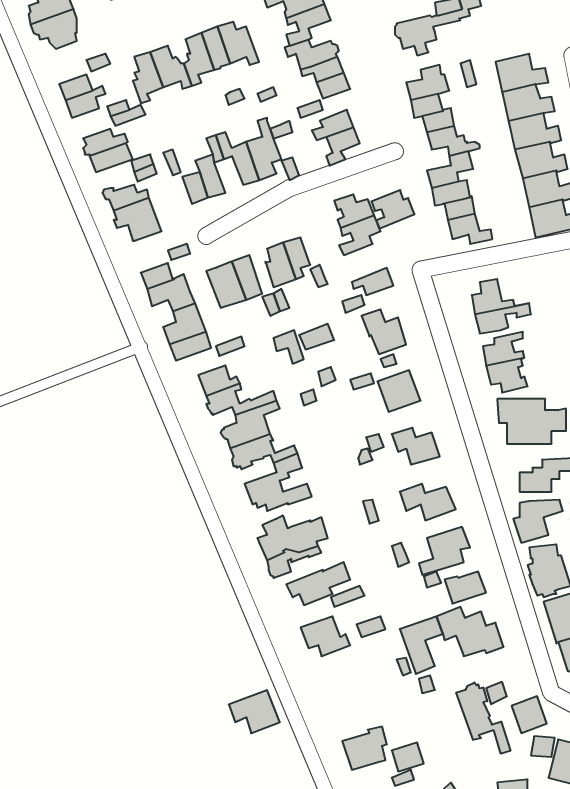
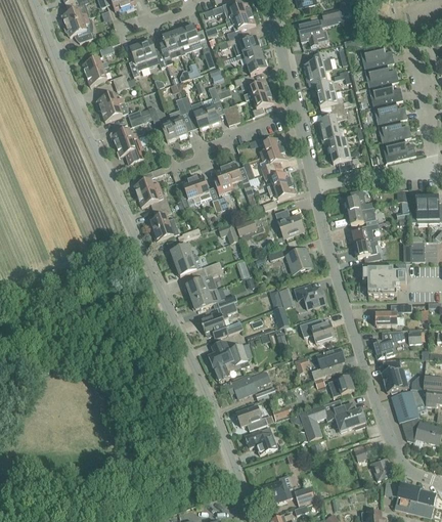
building: [371,190,415,229] -> [263,166,291,190]
building: [456,682,510,754] -> none
building: [229,690,280,733] -> [245,426,277,453]

